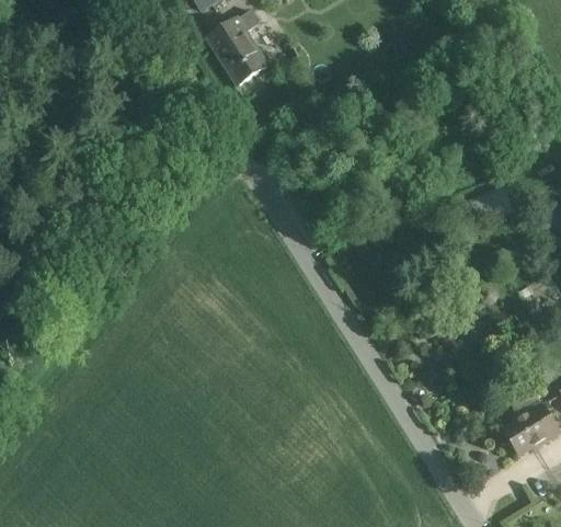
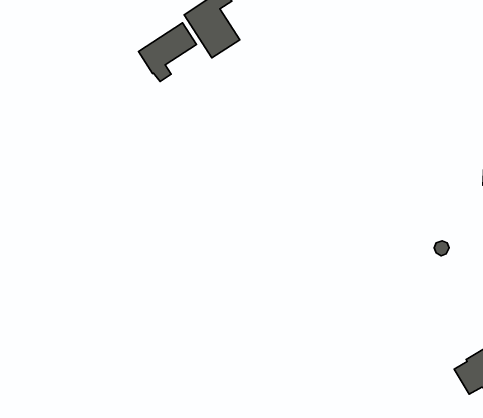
building: none -> [139,23,197,82]

